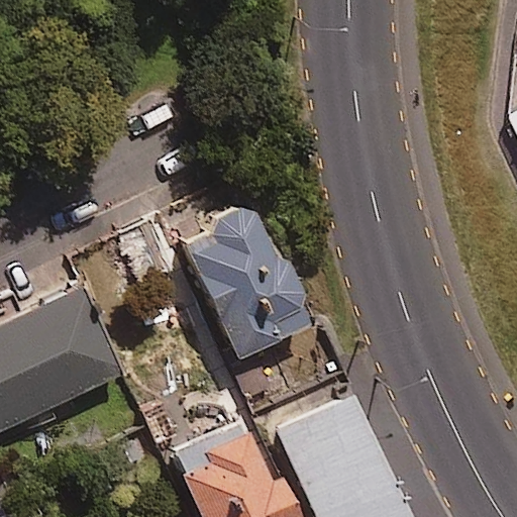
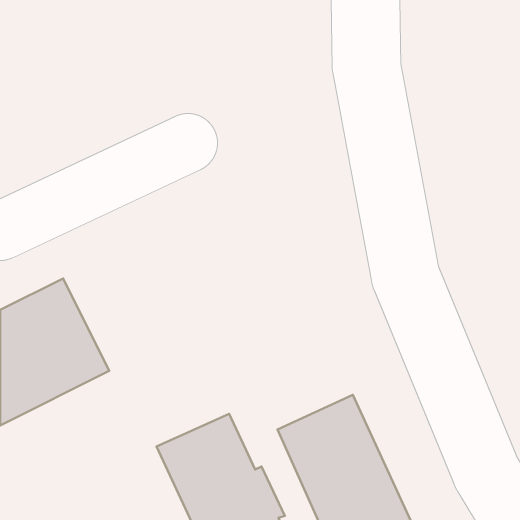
building: [179,201,313,361] -> none

